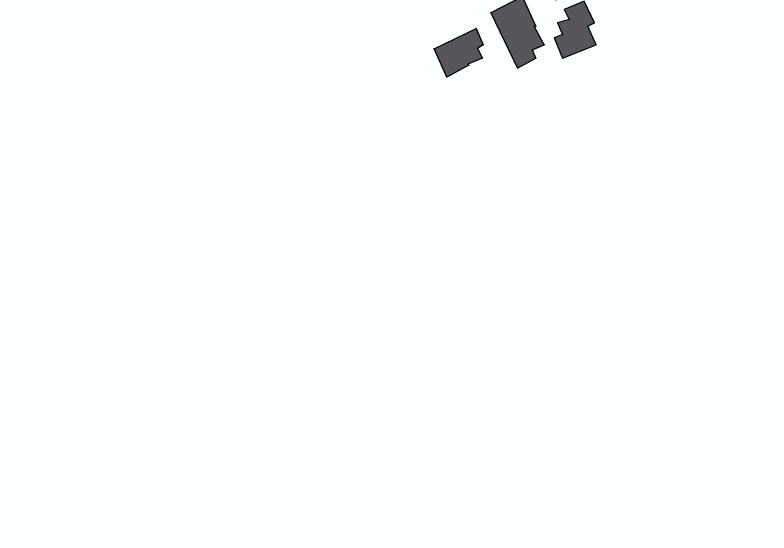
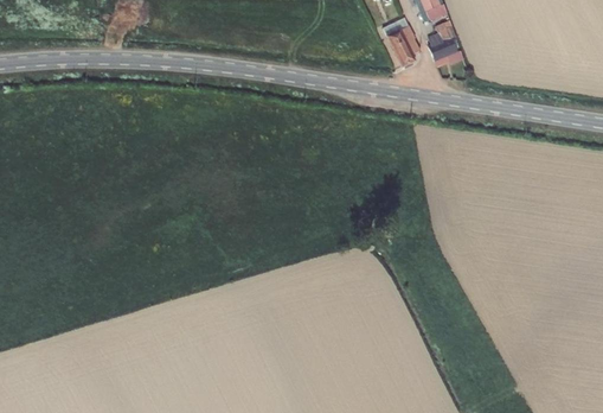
building: [434,28,483,77] -> none

